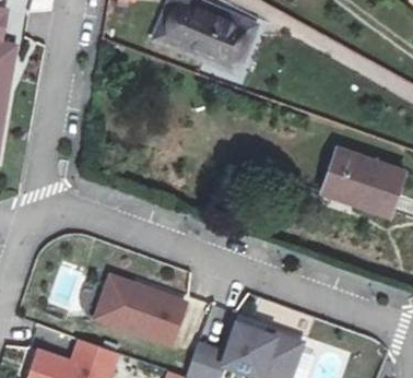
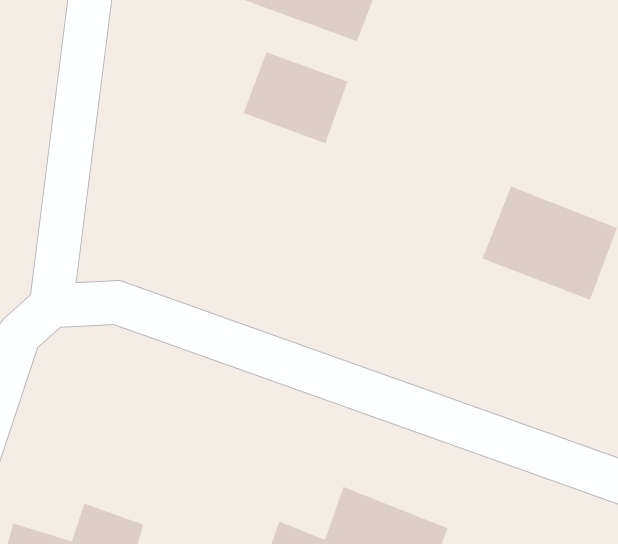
building: none -> [243,52,348,144]
building: [93,277,177,344] -> none

